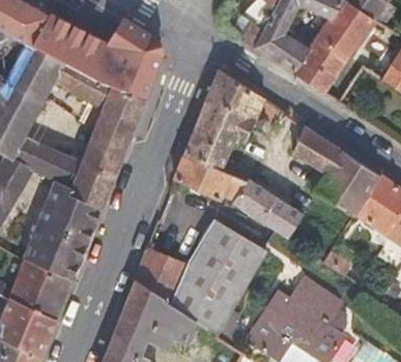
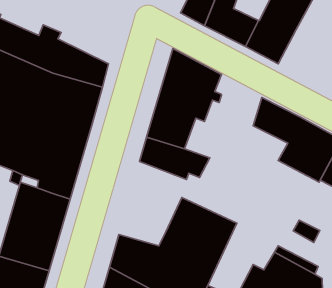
building: [111,18,163,73] -> none
building: [232,178,304,239] -> none

